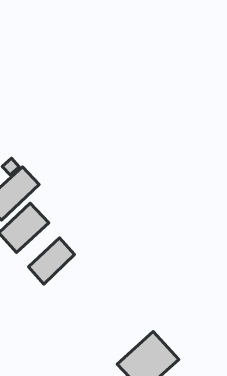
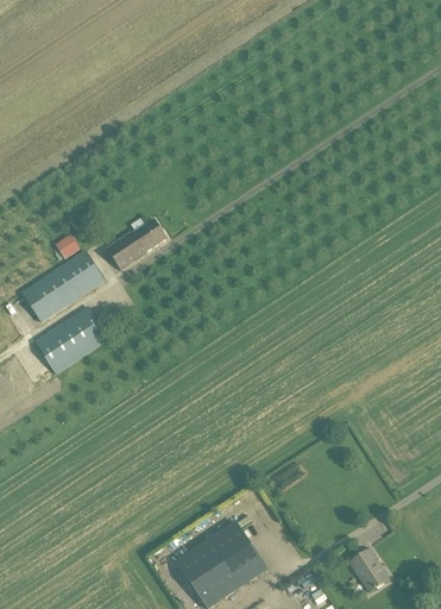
building: none -> [105,218,166,270]
building: [28,238,75,284] -> none

